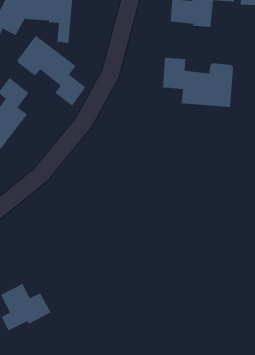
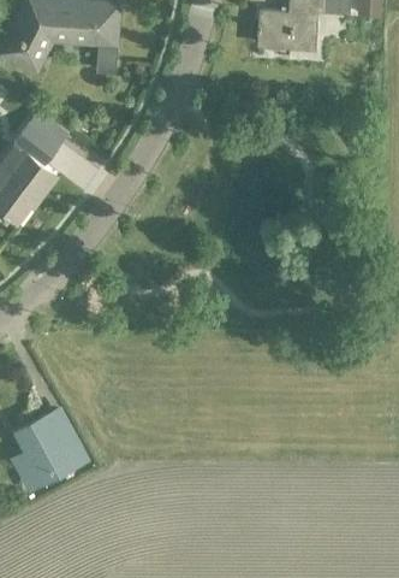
building: [17,35,86,106] -> none
building: [163,57,233,108] -> none

